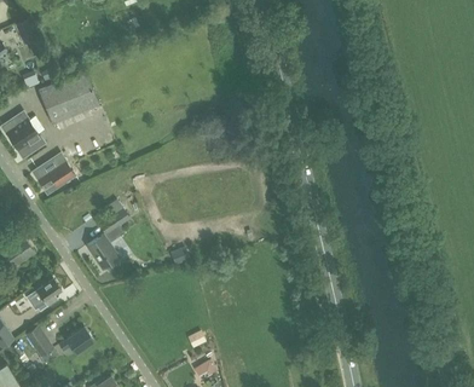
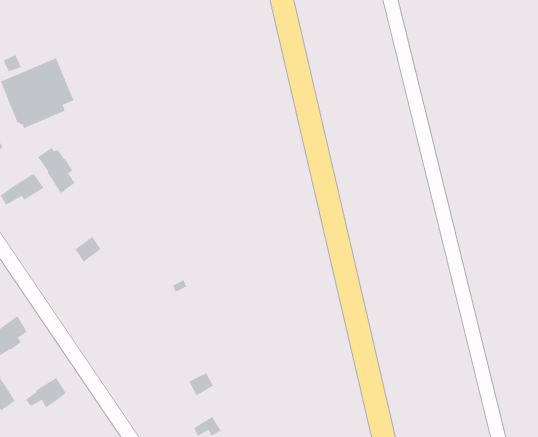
building: none -> [37,146,76,194]
building: [86,235,118,271] -> none

